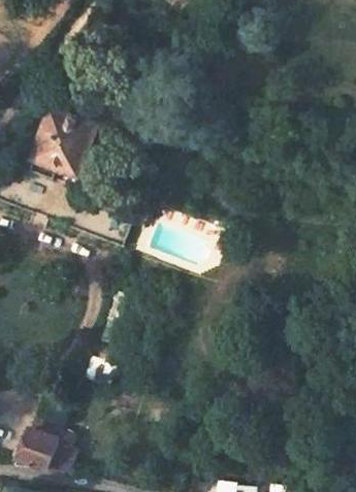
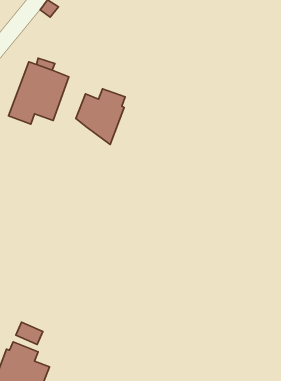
building: none -> [76,89,125,145]

